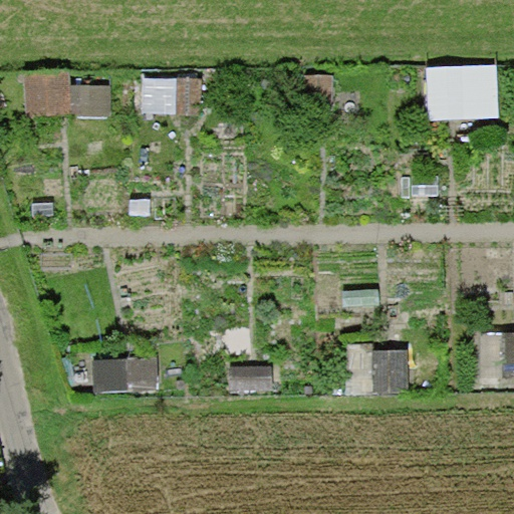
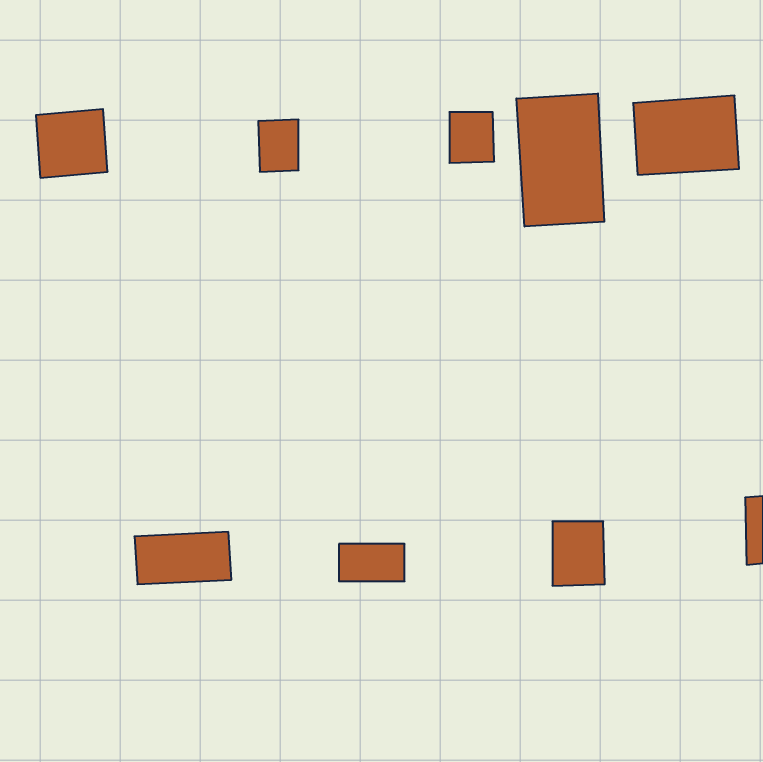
building: none -> [516,93,604,227]

